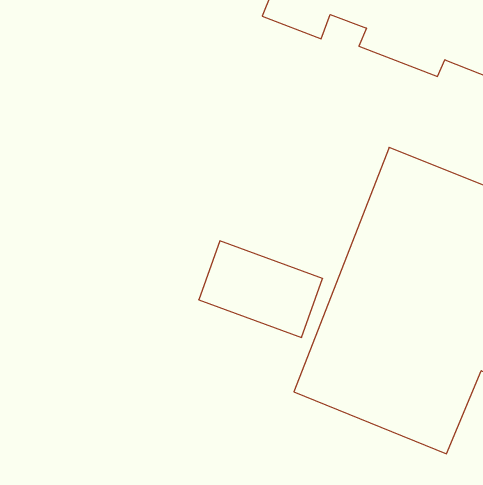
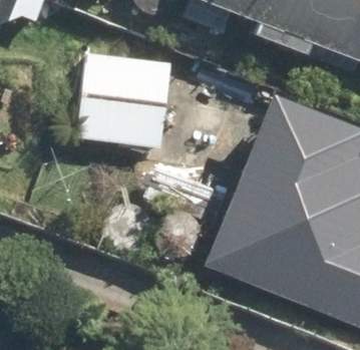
building: none -> [77,55,172,148]

